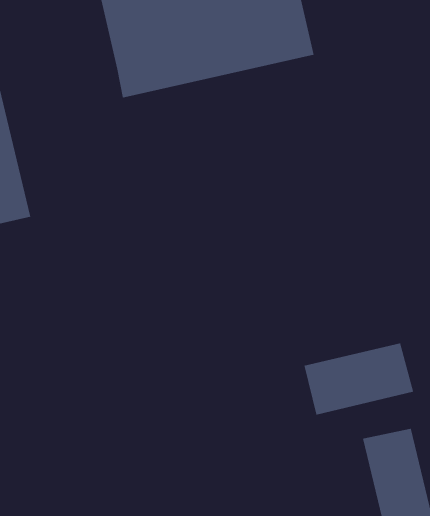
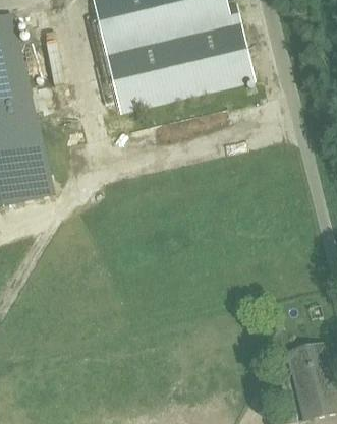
building: [304,342,414,416] -> none

